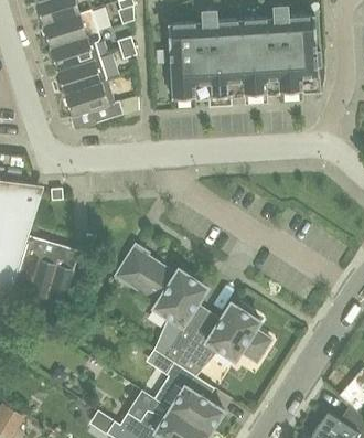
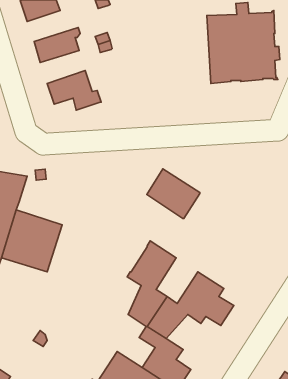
building: [167,8,245,97] -> none
building: [42,9,98,46] -> none
building: [56,56,106,93] -> none
building: [116,246,174,301] -> [147,169,200,219]

